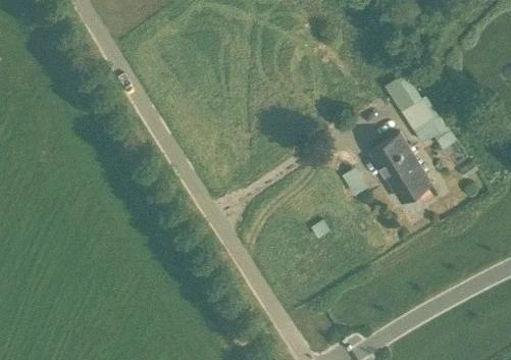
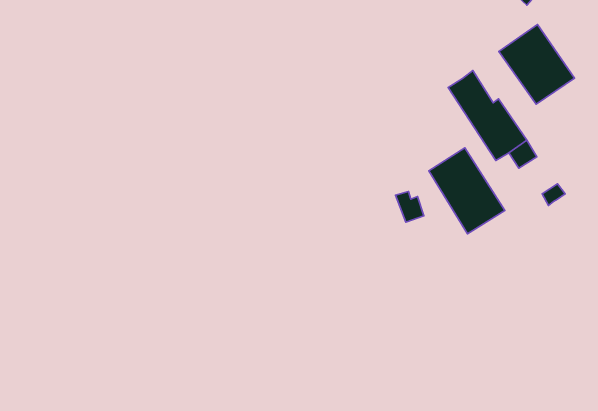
building: none -> [499,25,574,104]

